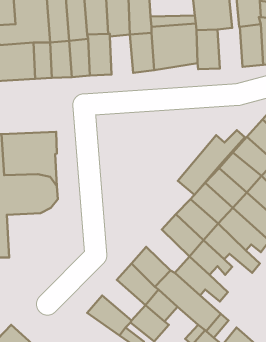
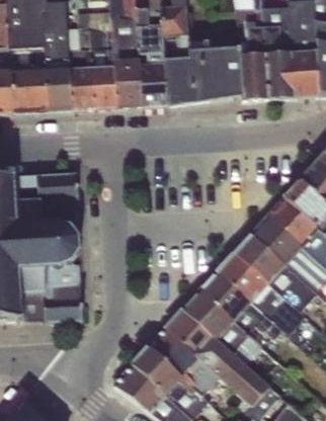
building: none -> [265,50,295,98]
building: none -> [140,59,167,105]
building: [178,130,245,195] -> none
building: none -> [19,251,83,320]
building: none -> [182,286,233,337]
building: none -> [131,345,181,393]

